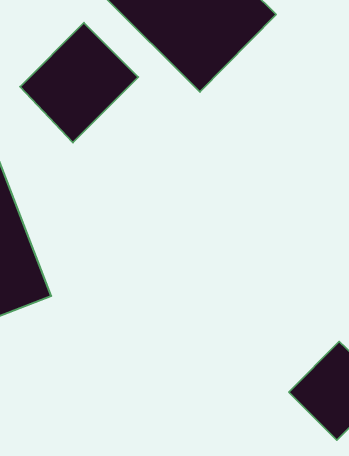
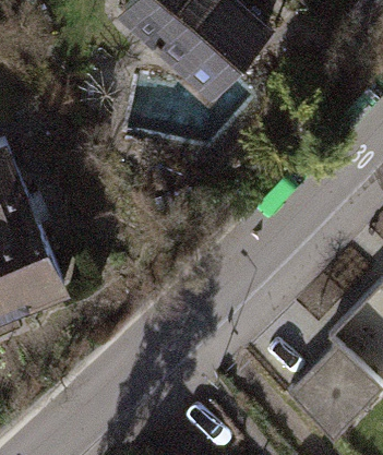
building: [20,23,138,143] -> none

